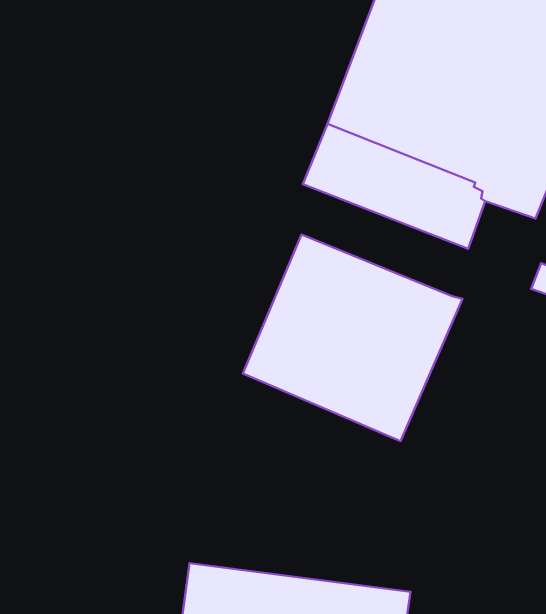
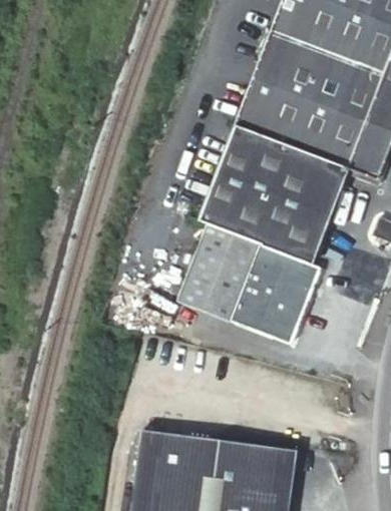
building: none -> [207,163,334,241]

